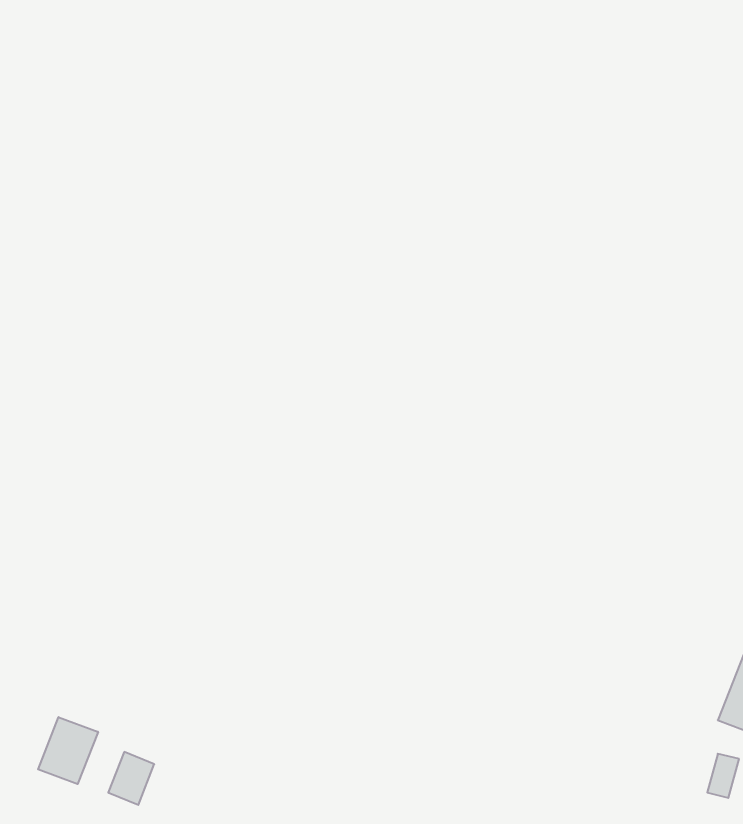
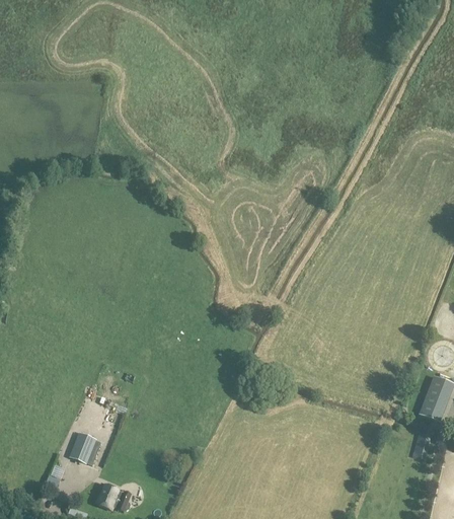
building: [38,717,98,784] -> none

